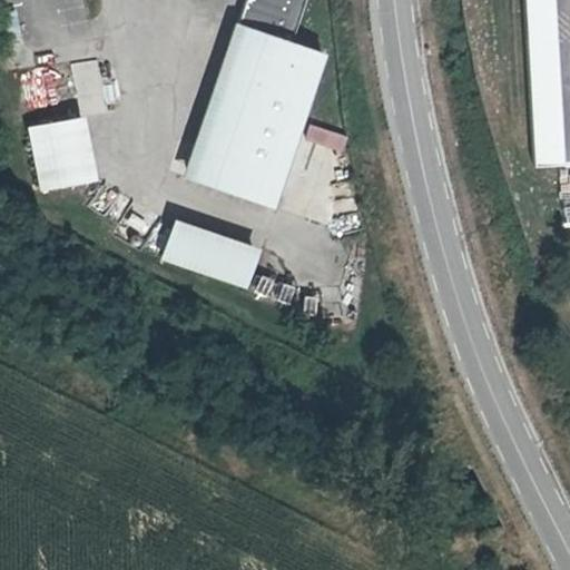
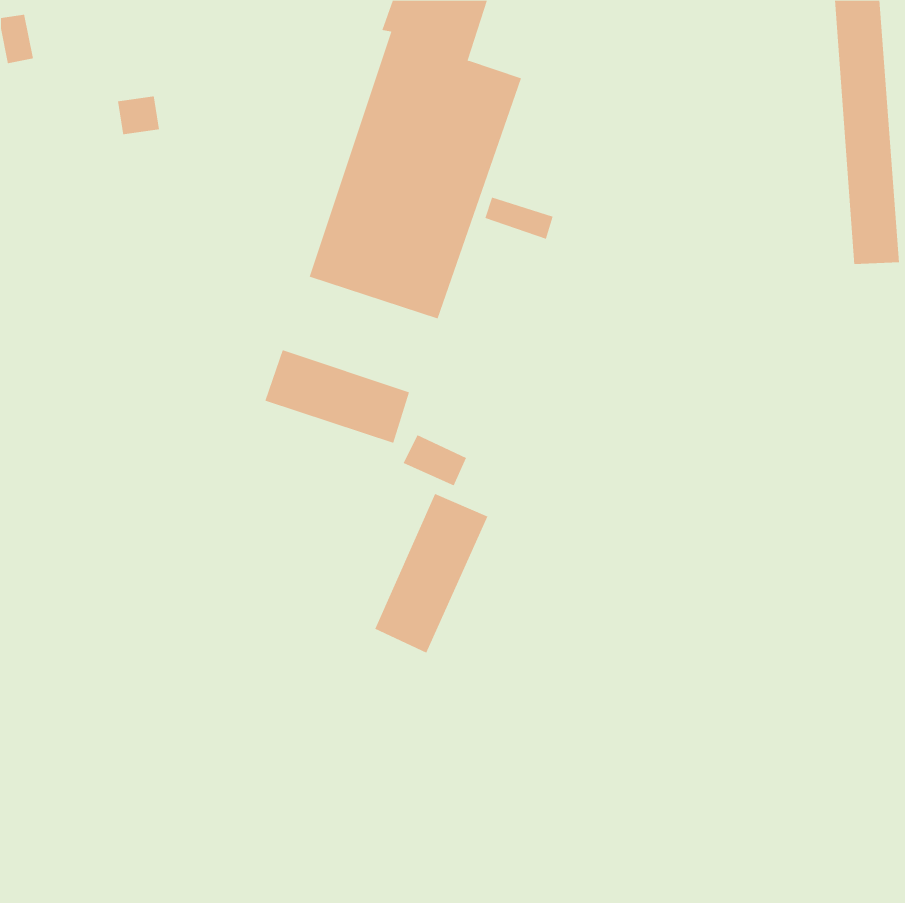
building: [33,117,91,185] -> none
building: none -> [374,493,488,654]

